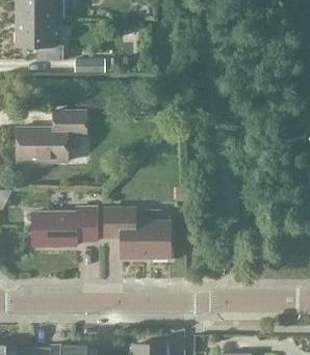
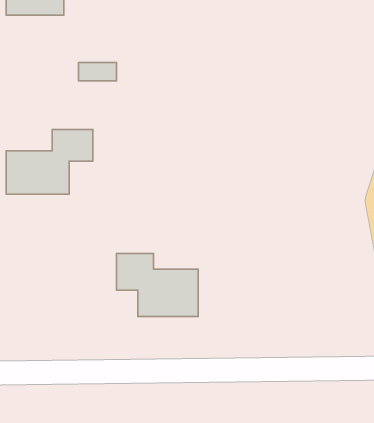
building: [18,21,63,60] -> none
building: [32,208,97,246] -> none

